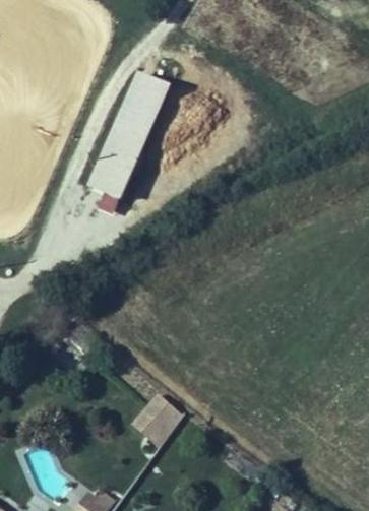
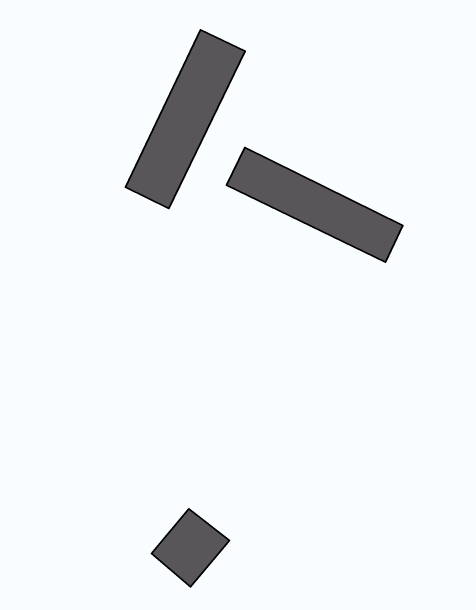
building: none -> [226,147,403,262]

